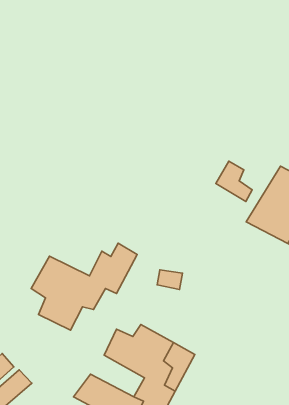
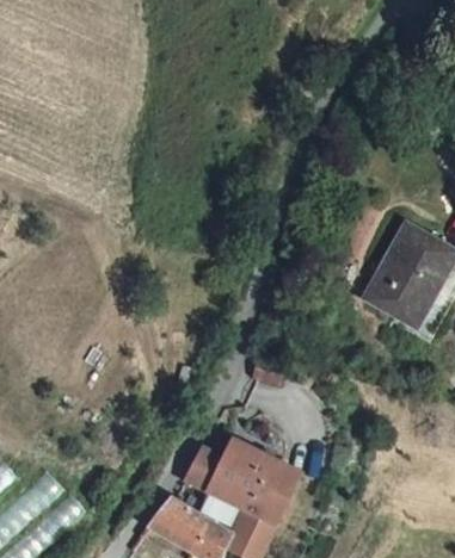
building: [216,161,252,201] -> none
building: [31,243,137,330] -> none

